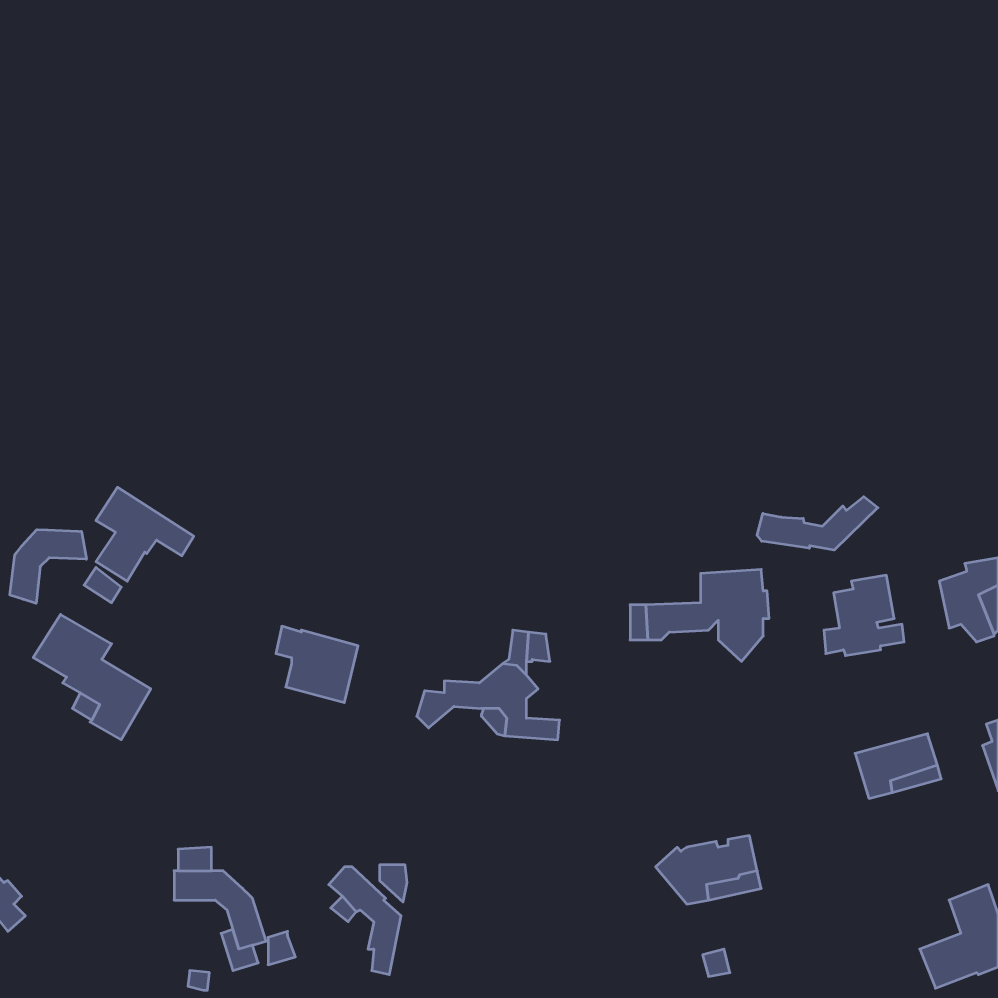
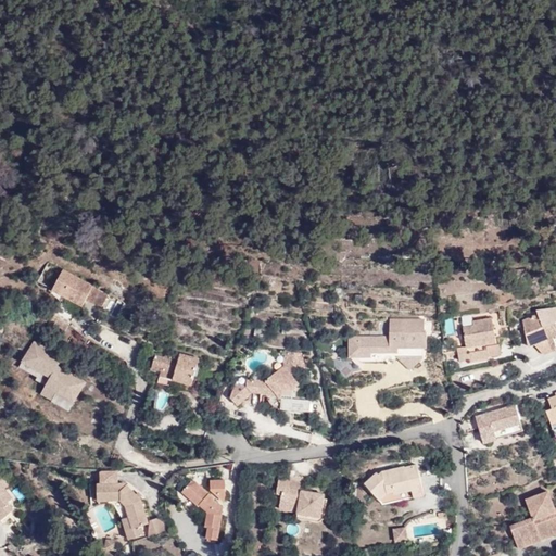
building: [757,497,878,550] -> none
building: [10,530,86,603] -> none
building: none -> [276,478,324,515]

